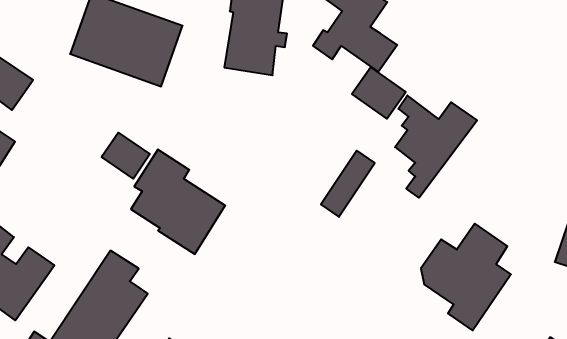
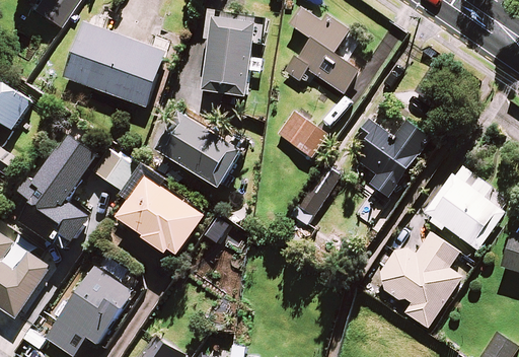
building: [352,67,406,119] -> [277,111,325,157]
building: none -> [157,113,242,188]
building: none -> [17,137,97,252]
building: none -> [425,165,503,249]

